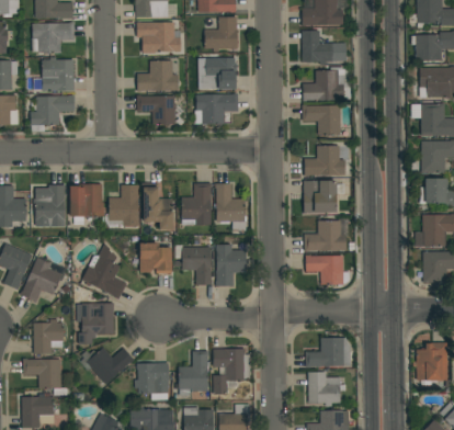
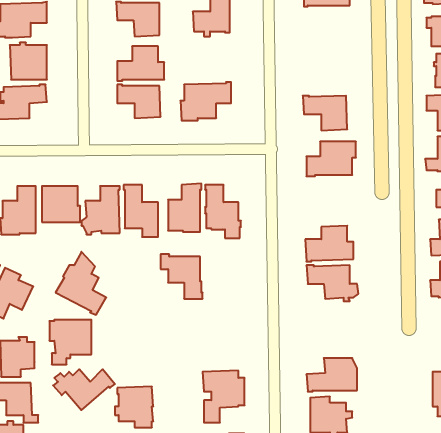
building: [302,30,347,65] -> none
building: [198,54,236,89] -> none
building: [303,66,348,101] -> none
building: [304,180,337,212] -> none
building: [140,242,171,273] -> none
building: [216,245,246,285] -> none
building: [174,350,208,395] -> none

